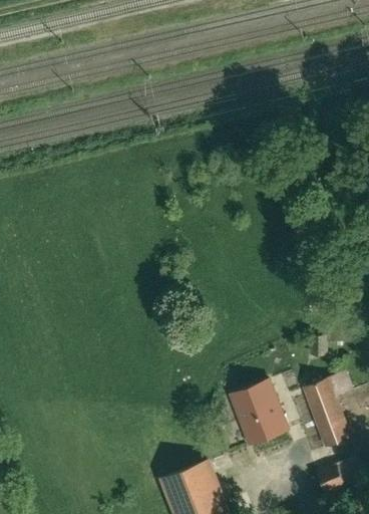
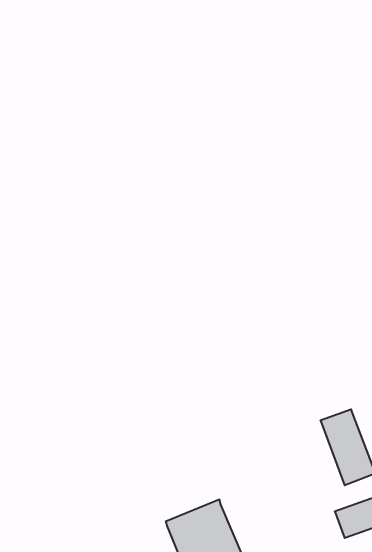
building: [229,378,291,446] -> none

